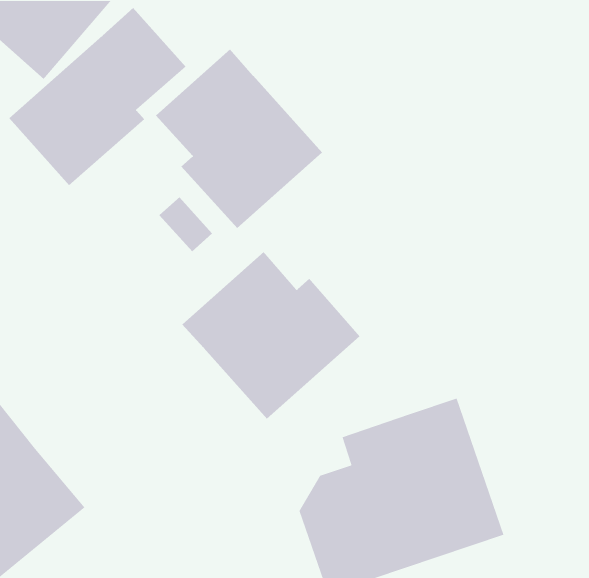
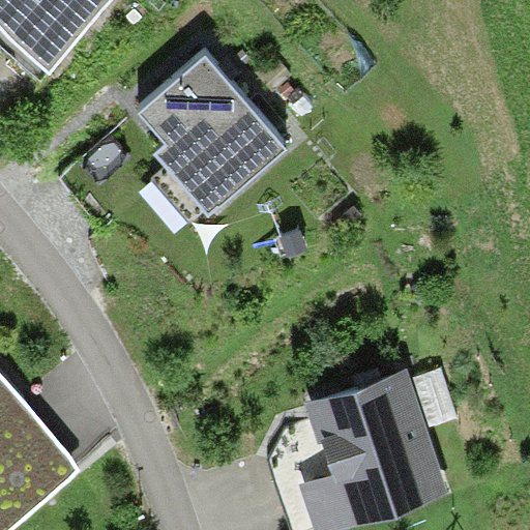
building: [9,7,186,186] -> none
building: [181,251,360,420] -> none

